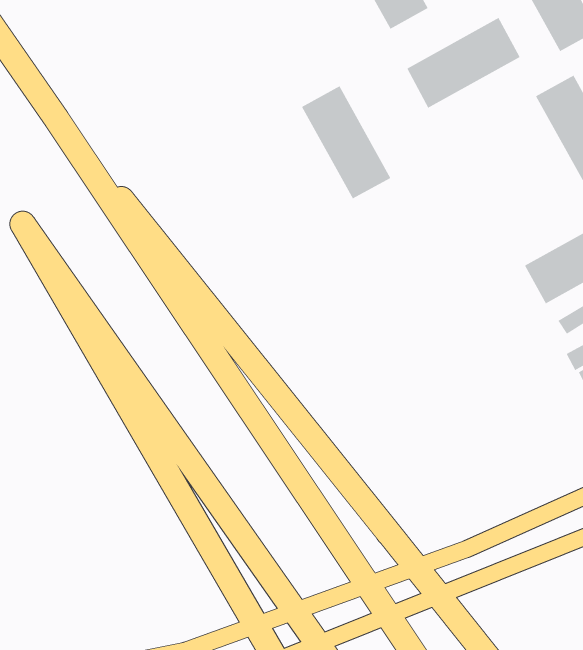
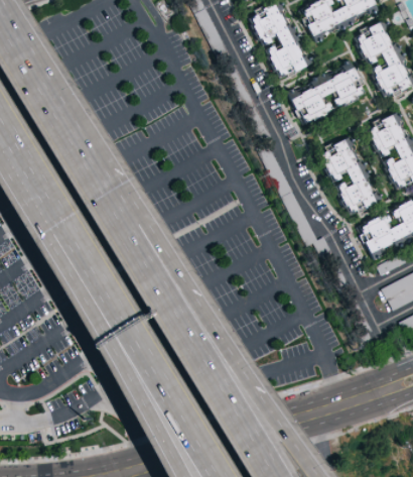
building: [301,85,391,199] -> [324,137,379,210]

